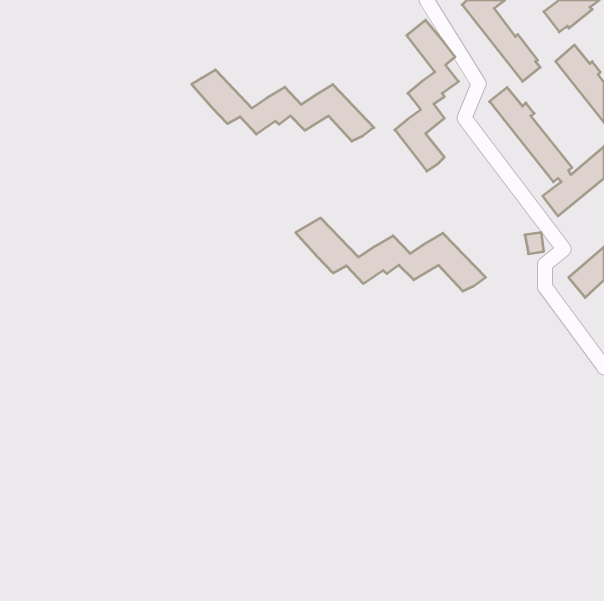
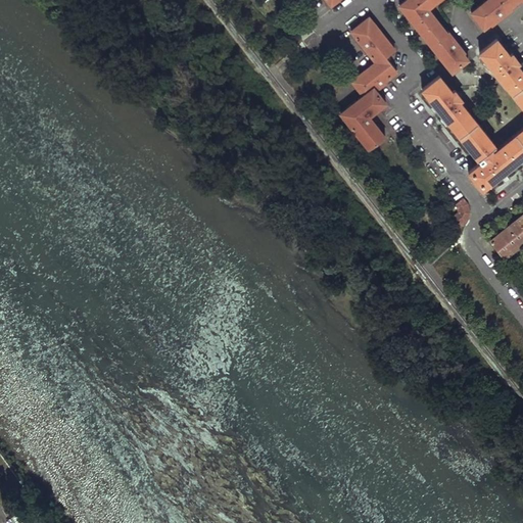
building: [192,70,374,141] -> none
building: [296,218,486,291] -> none

